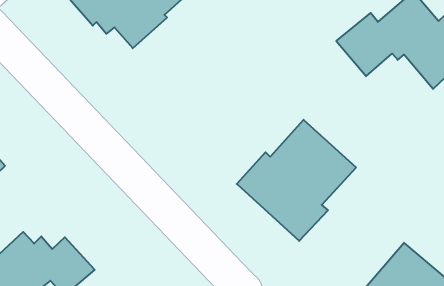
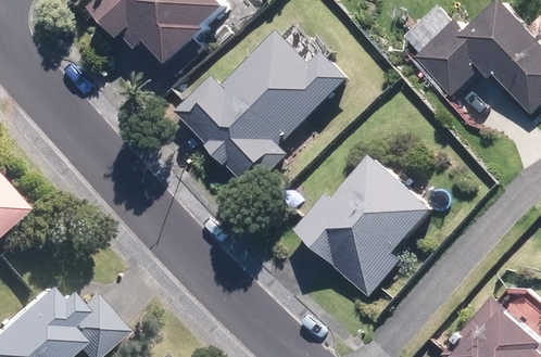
building: none -> [172,30,348,190]

